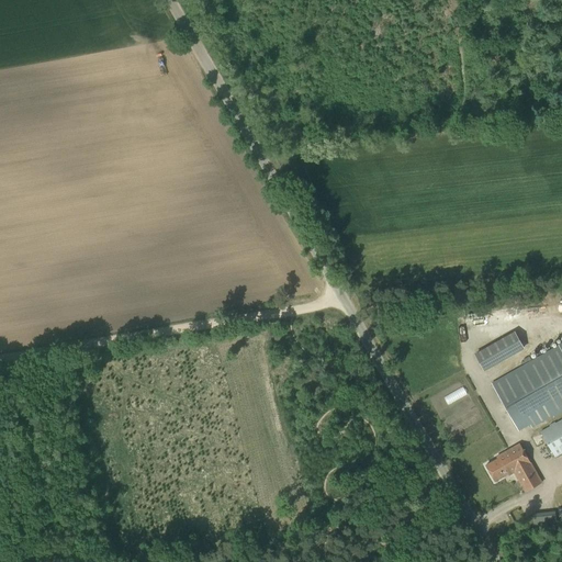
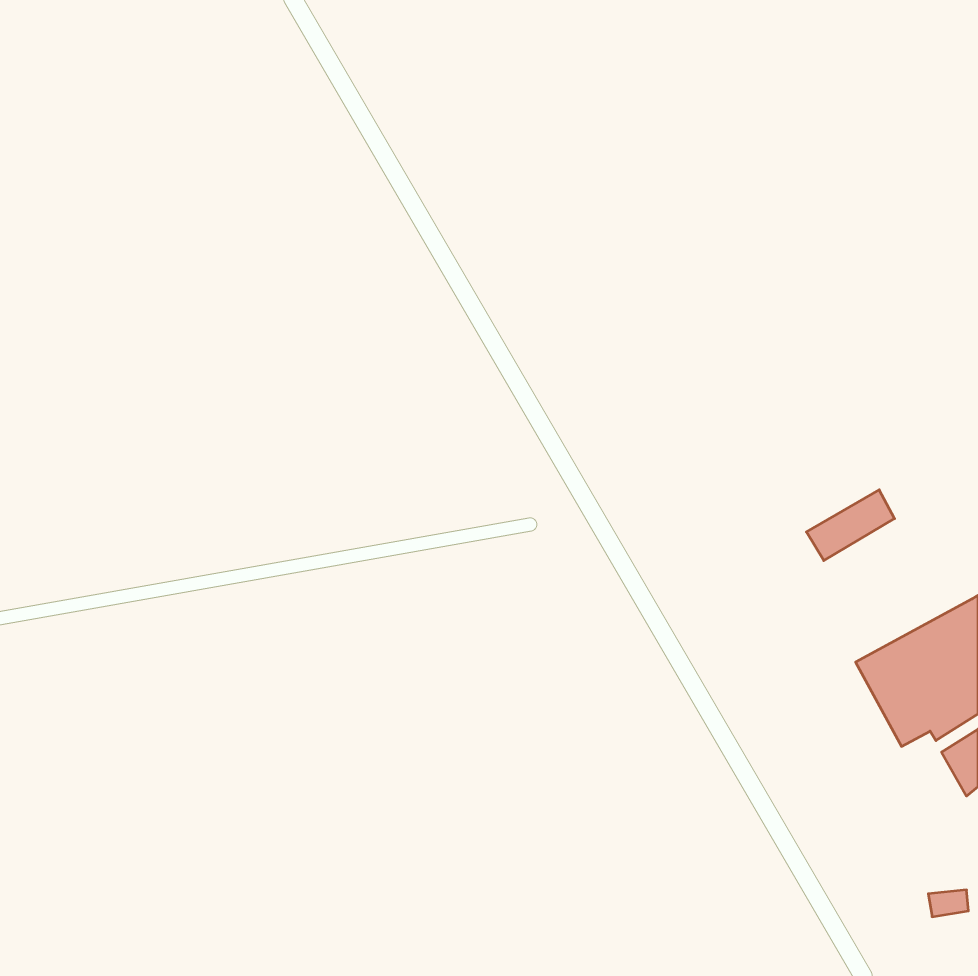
building: [475,331,526,372] -> [806,490,895,561]
building: [486,443,542,492] -> none

